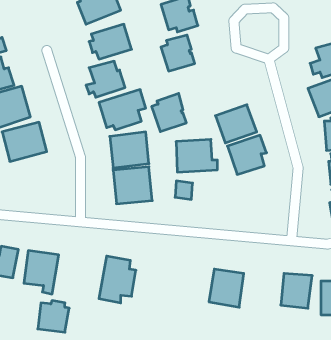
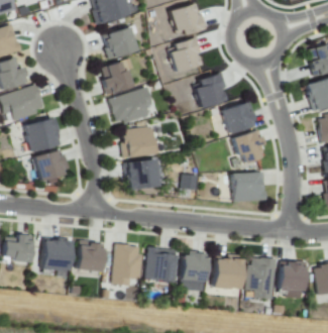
building: [152,93,186,132] -> [193,71,225,106]
building: [176,139,217,172] -> [231,172,269,202]
building: none -> [31,150,69,183]
building: none -> [145,242,182,282]
building: none -> [182,249,211,282]
building: none -> [247,254,281,300]
building: [38,301,69,332] -> [77,241,106,270]

